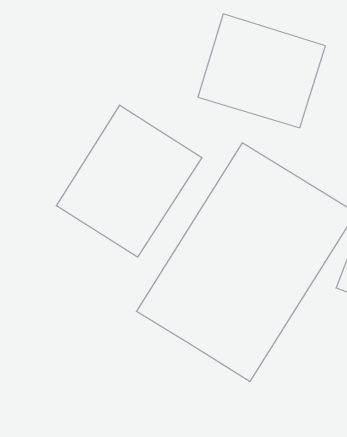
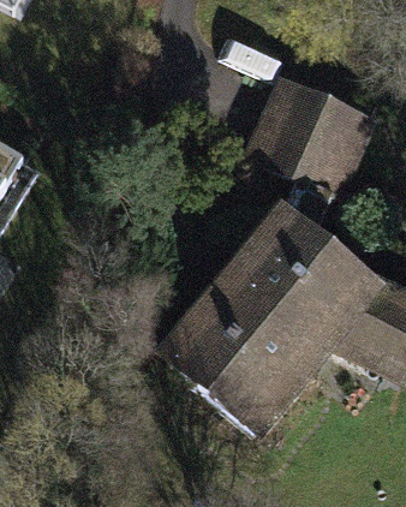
building: [56,105,202,257] -> none

